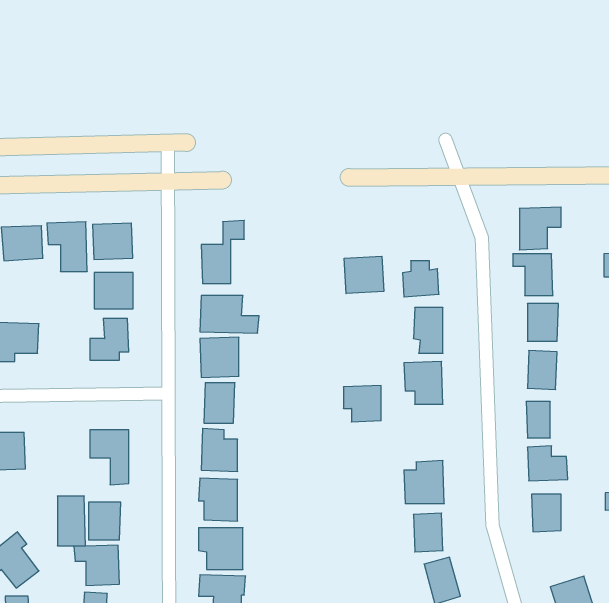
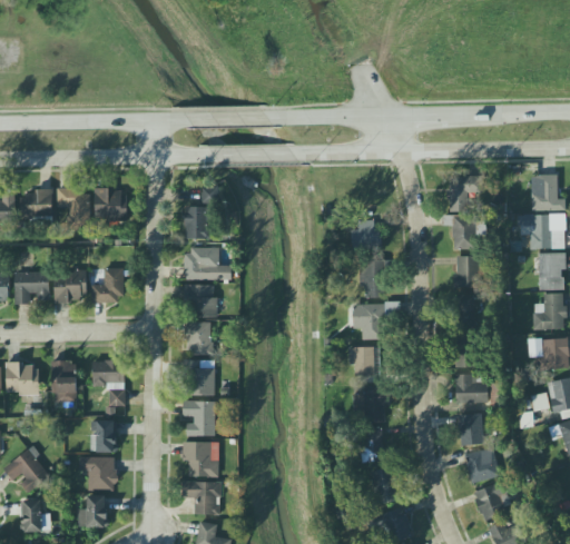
building: [344,256,384,294] -> none
building: [94,273,133,309] -> [55,270,87,300]
building: [343,386,381,422] -> [348,346,380,376]
building: [57,496,86,546] -> [52,360,76,402]
building: none -> [466,448,499,482]

